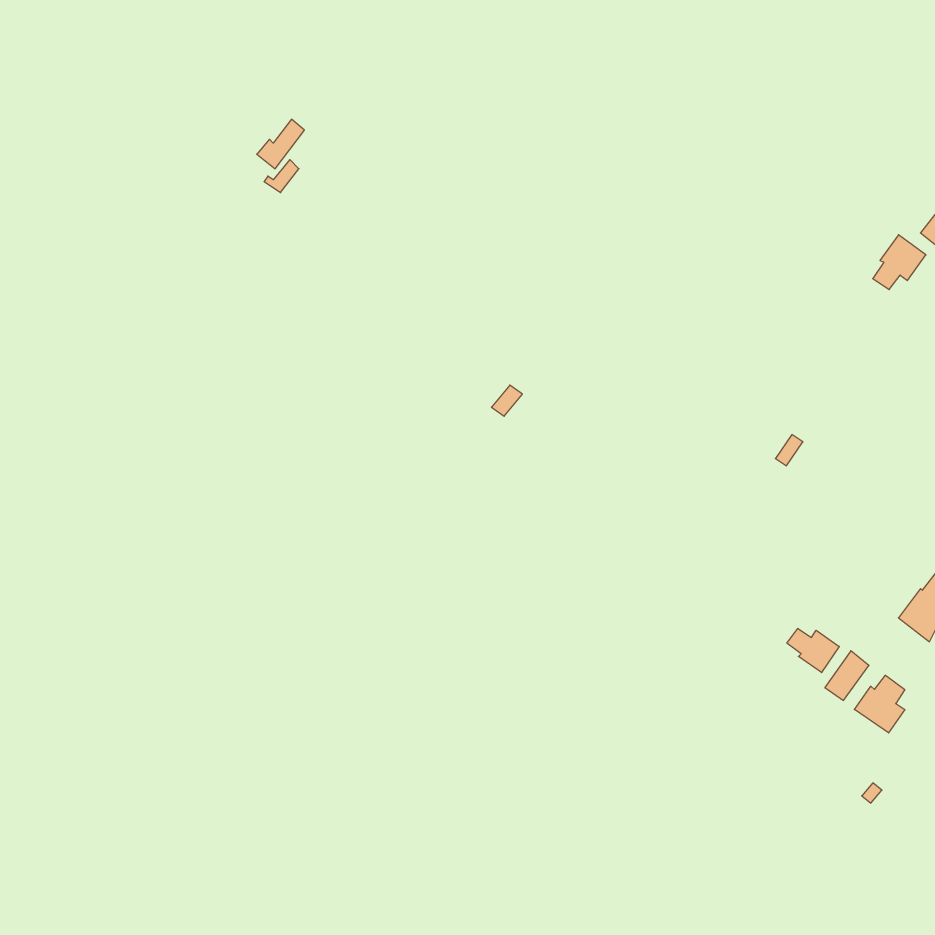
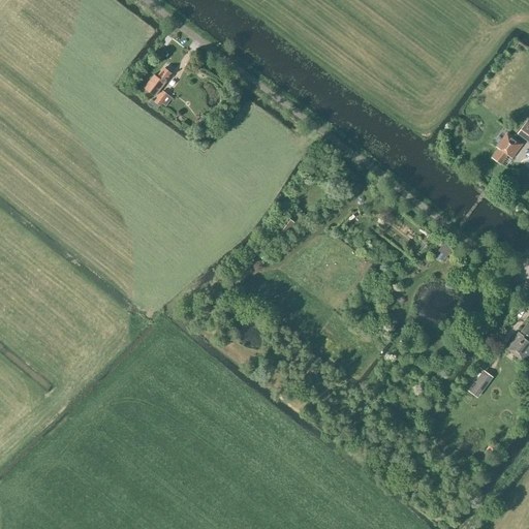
building: [787,628,839,673] -> none
building: [854,675,905,733] -> none

